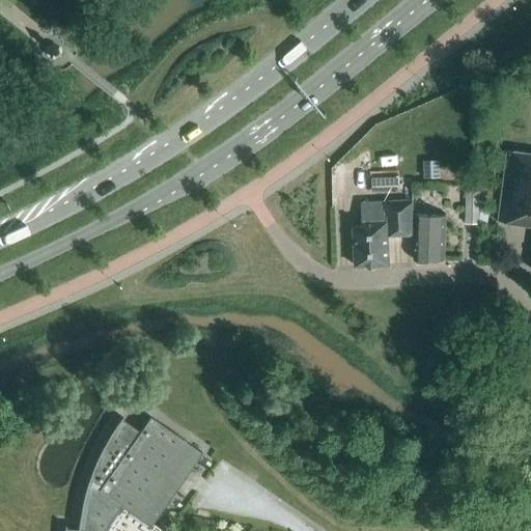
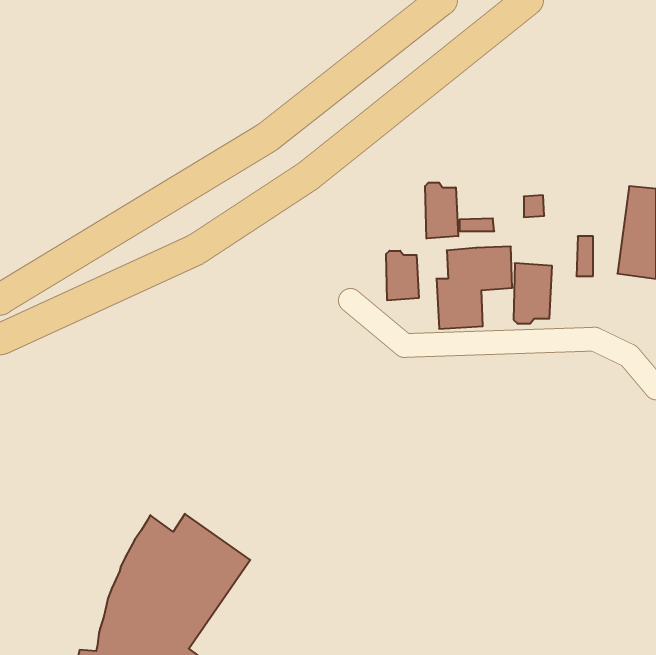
building: none -> [425,183,458,239]
building: none -> [386,251,419,300]

